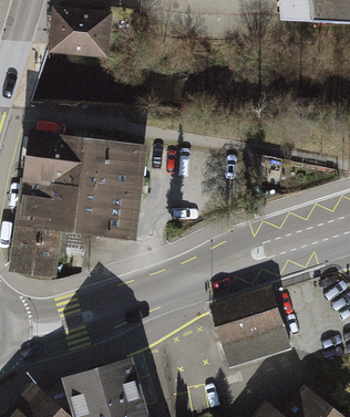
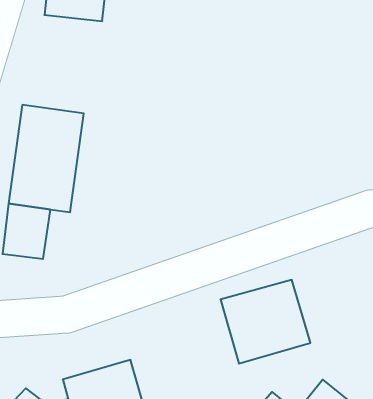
building: [74,139,140,233] -> none

